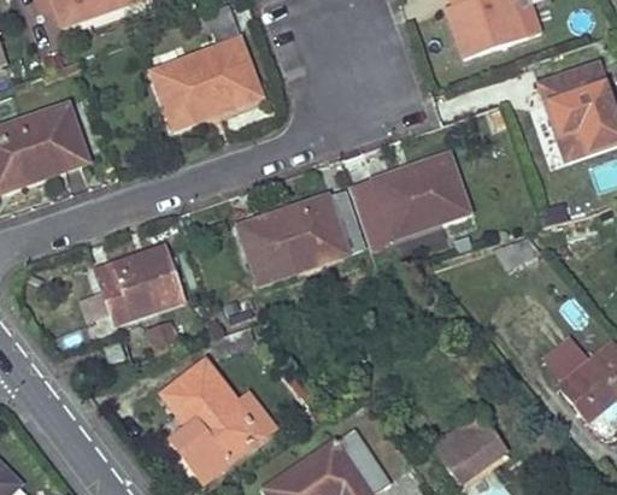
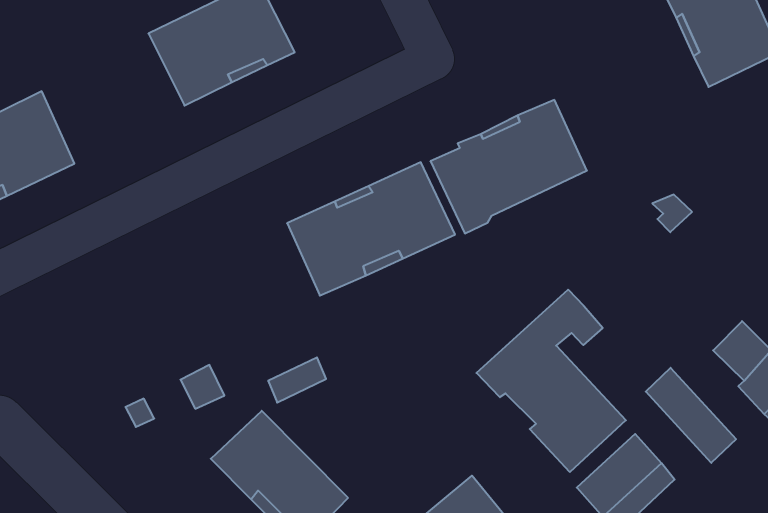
building: [94,247,183,322] -> none
building: none -> [476,290,626,472]
building: none -> [646,368,736,463]

